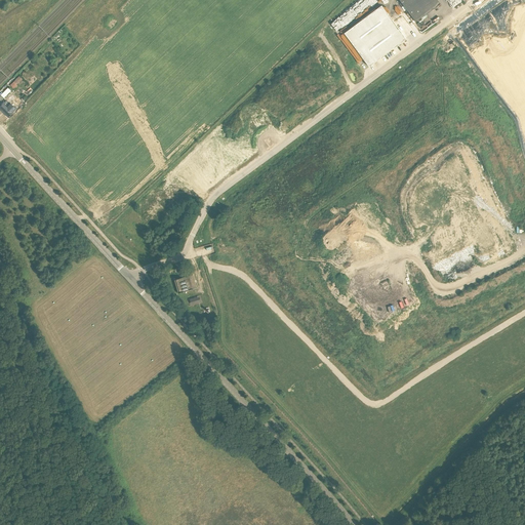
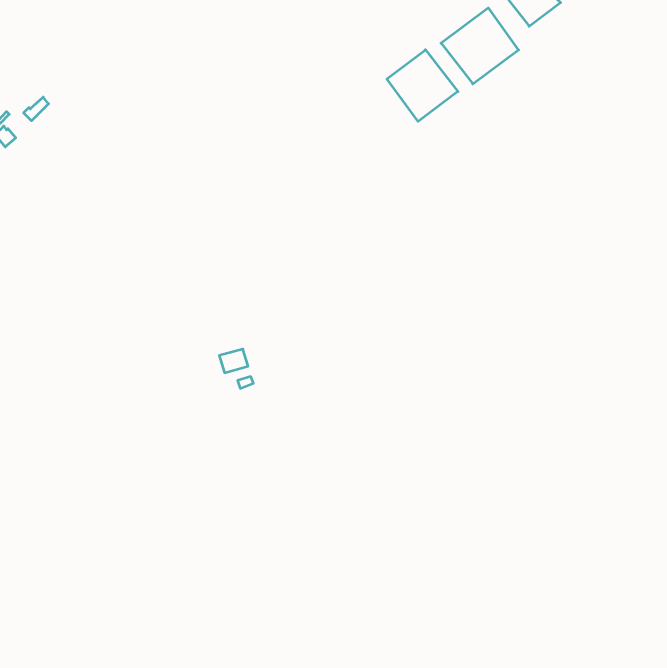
building: none -> [387,50,458,121]

